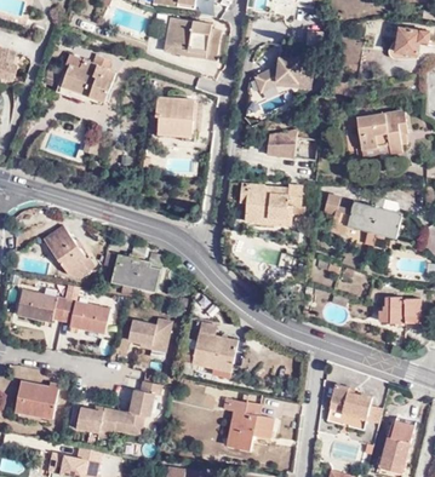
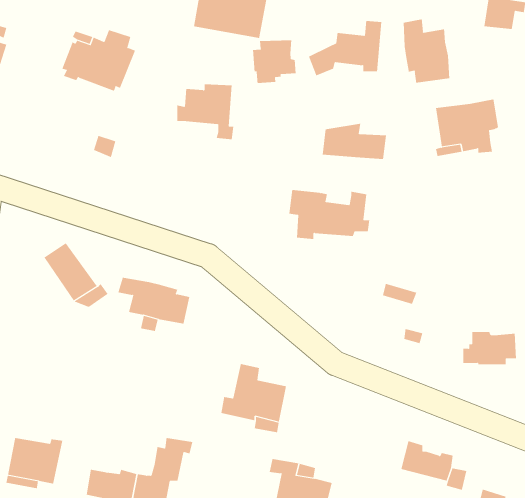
building: none -> [403,18,450,84]
building: none -> [253,39,296,84]
building: [325,194,403,243] -> none
building: [17,289,110,334] -> none
building: [128,317,173,354] -> none

